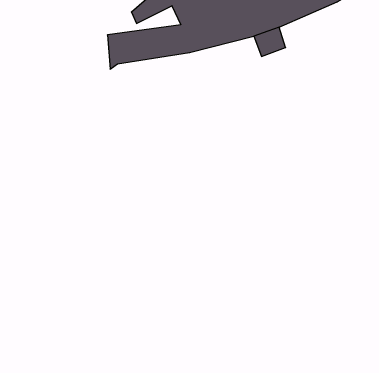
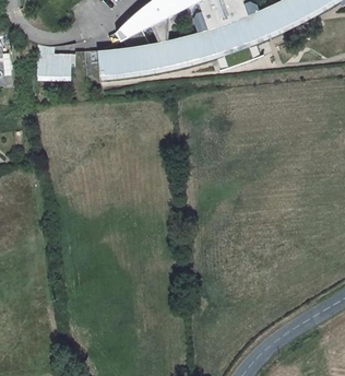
building: none -> [37,44,71,77]

